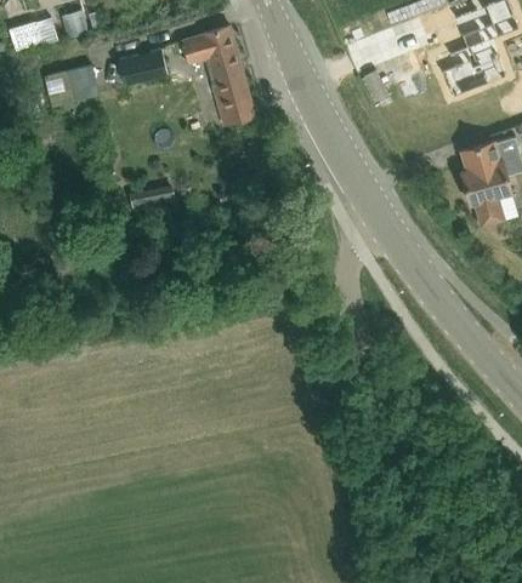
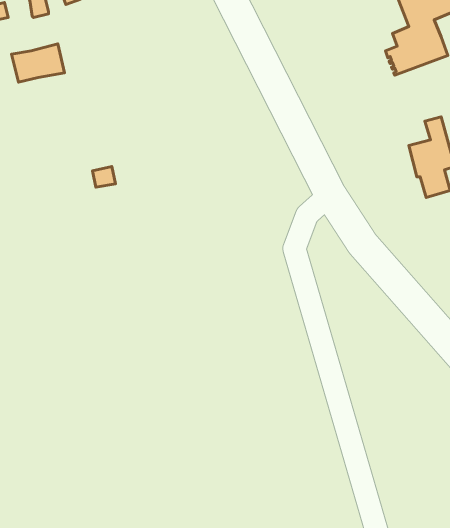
building: [182,25,255,125] -> none
building: [121,48,168,84] -> none

